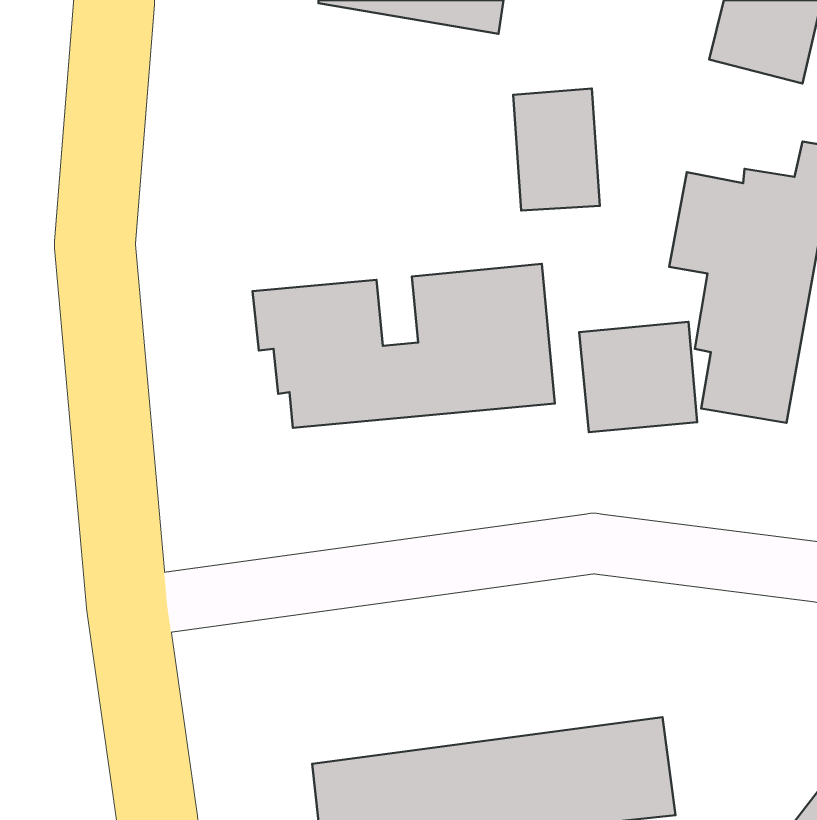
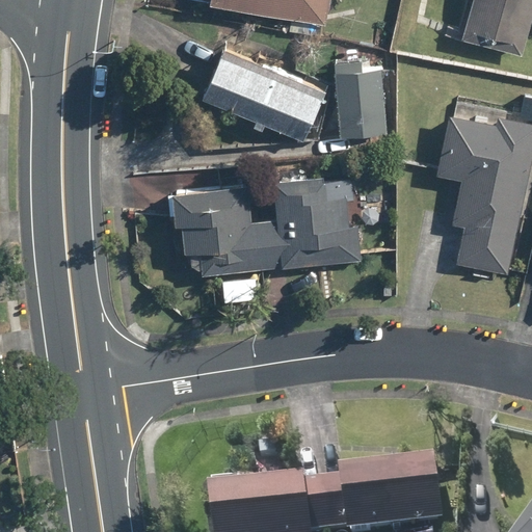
building: none -> [198,44,329,142]
building: [579,322,697,432] -> none

